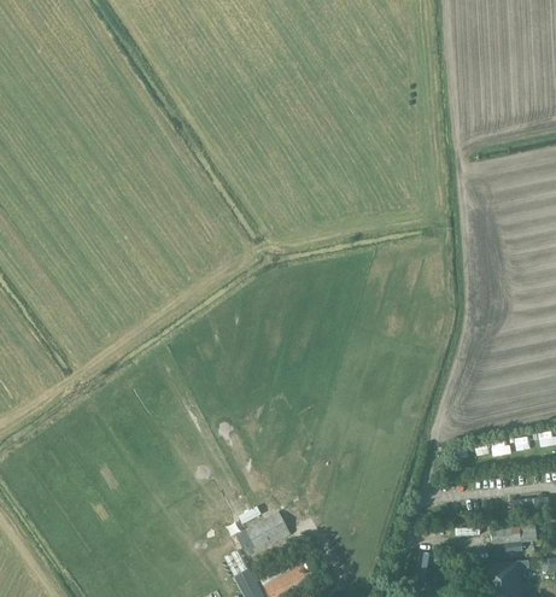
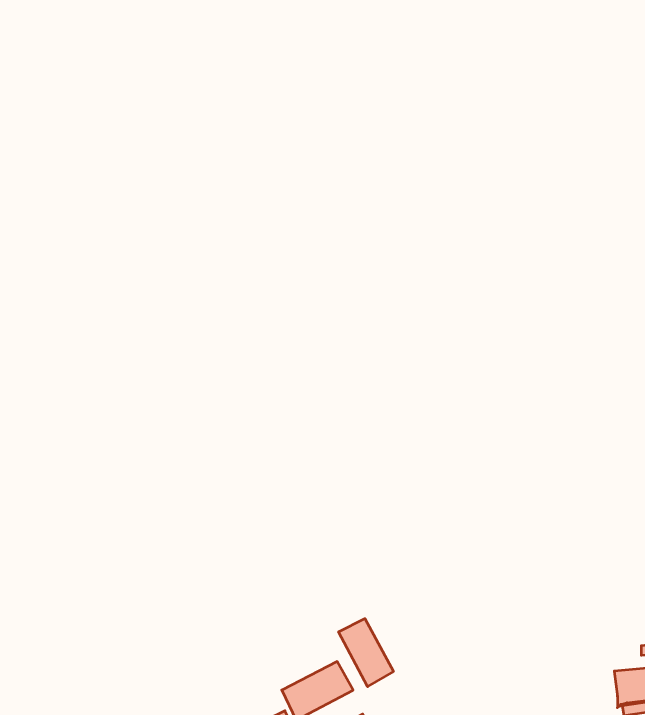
building: none -> [339,619,393,687]

